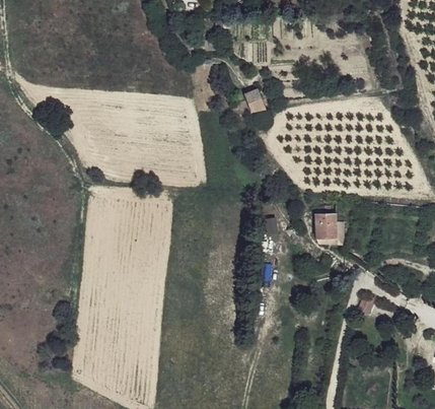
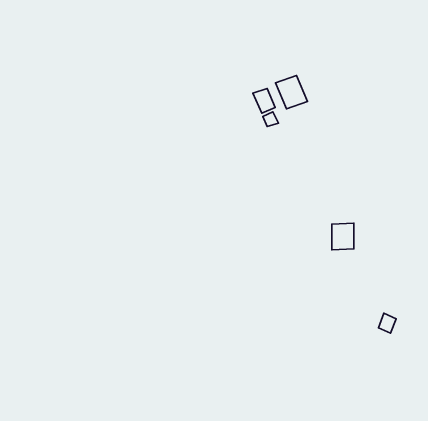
building: none -> [276,75,307,109]

